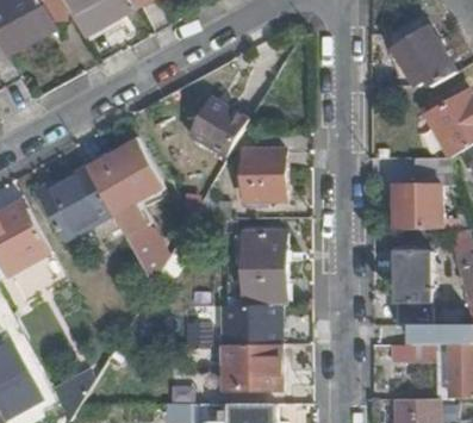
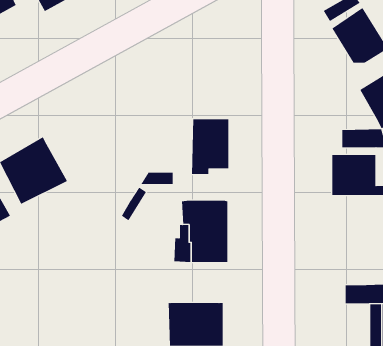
building: [185,100,248,161] -> none
building: [88,145,164,284] -> none
building: [394,251,431,325] -> none
building: [220,305,280,344] -> none

